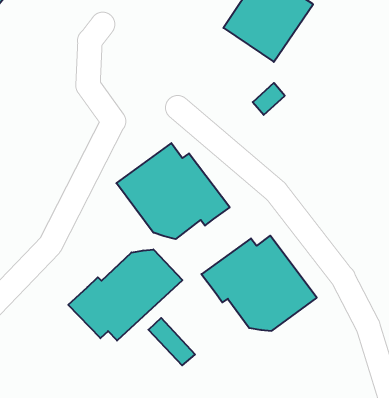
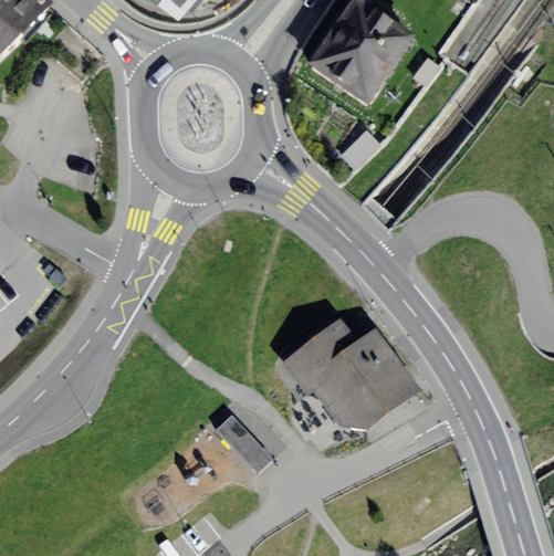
building: [116,143,230,239] -> none
building: [68,249,182,341] -> none

